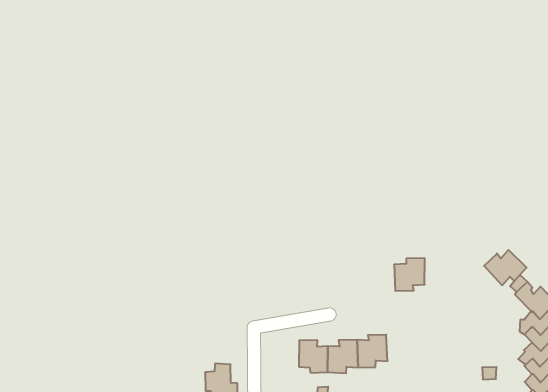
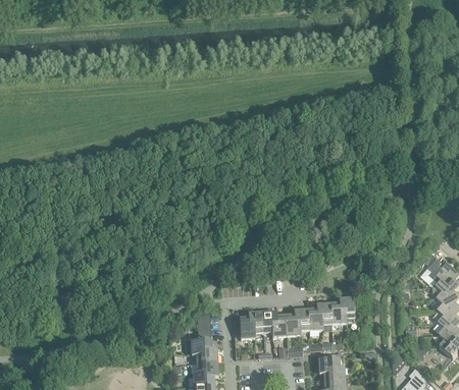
building: [484,250,527,285] -> none
building: [394,258,425,291] -> [329,297,354,324]
building: none -> [239,312,263,338]

